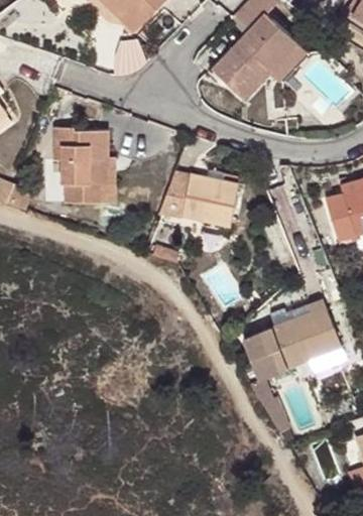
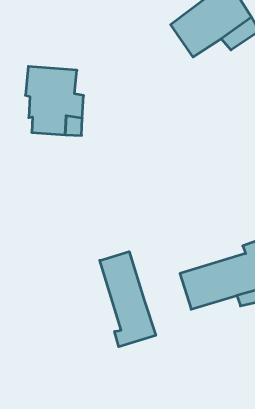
building: [159,170,237,234] -> none
building: none -> [100,252,156,347]

